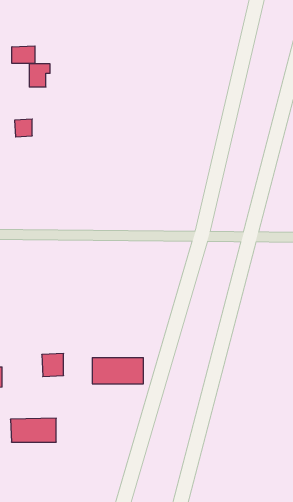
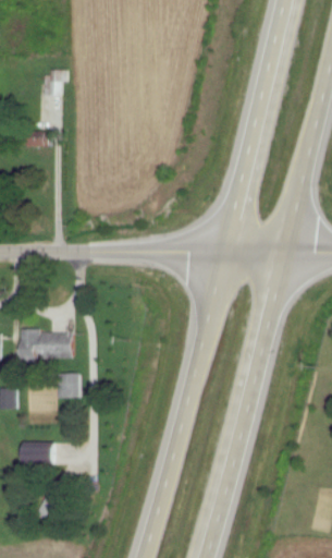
building: [12,46,35,63] -> none
building: [92,358,143,384] -> [20,331,73,359]

